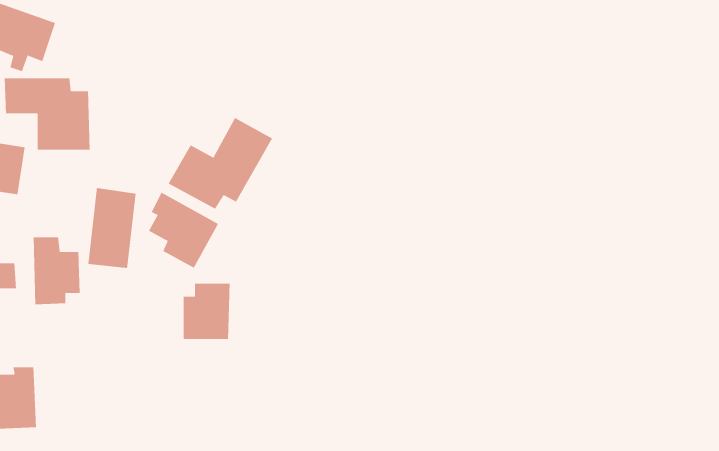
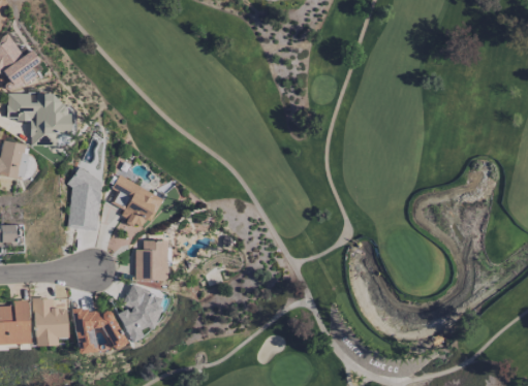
building: [168,117,273,210] -> none
building: [33,237,81,305] -> [34,298,68,347]
building: none -> [118,283,161,343]
building: none -> [73,309,125,354]

